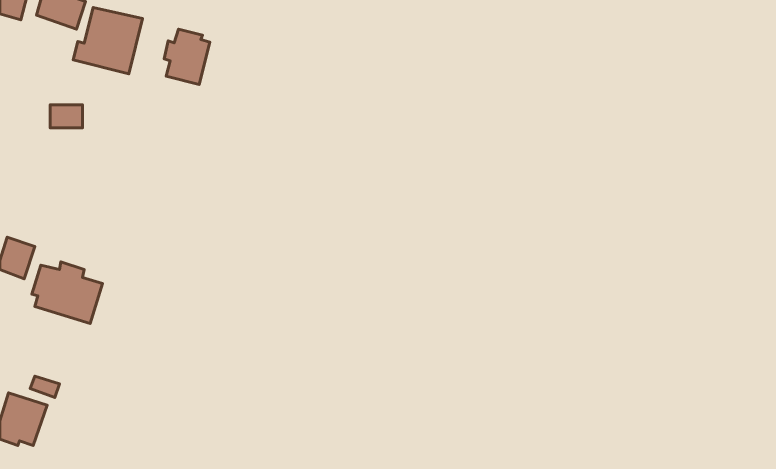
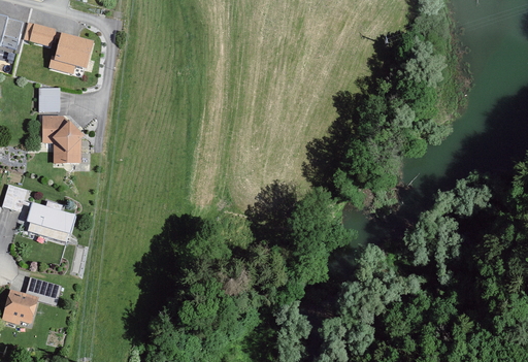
building: [164,29,210,84] -> none
building: none -> [42,117,79,165]

